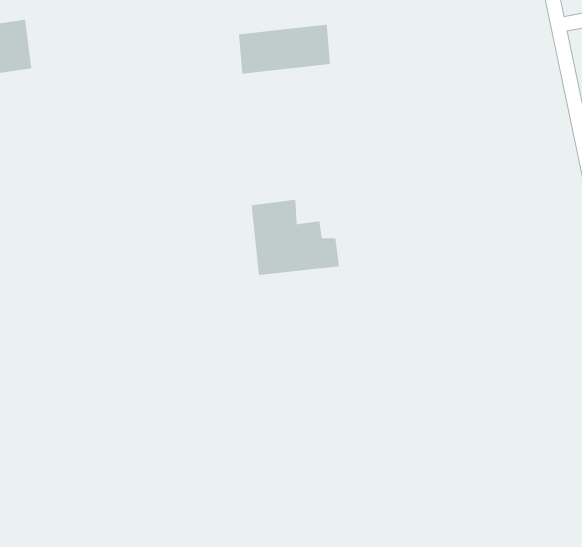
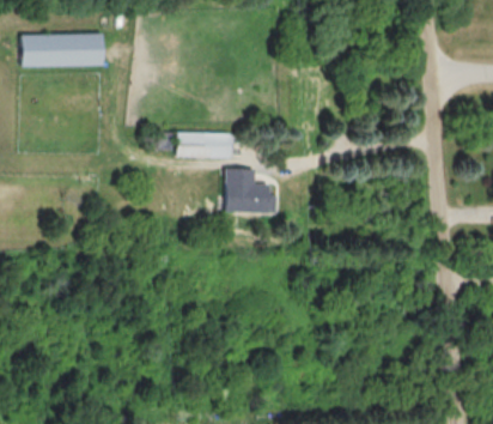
building: [238,24,331,74] -> [176,132,233,158]

